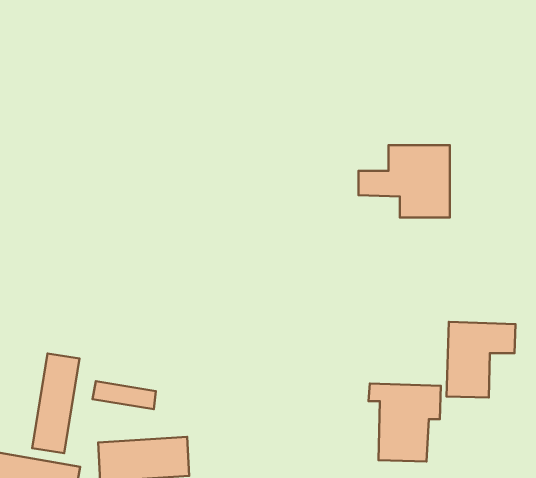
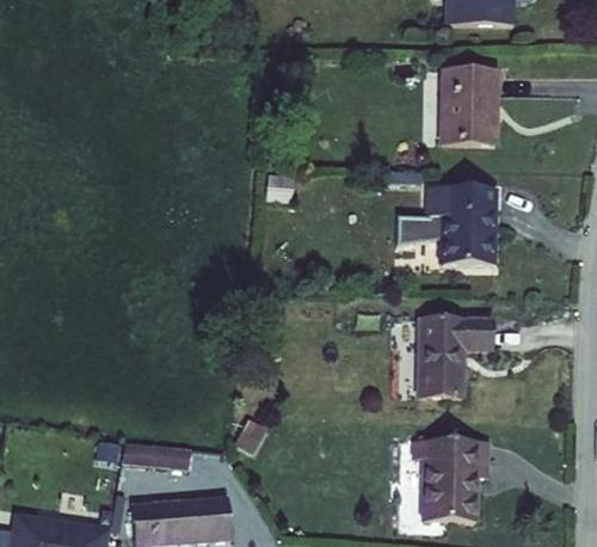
building: none -> [448,68,503,142]
building: [447,322,516,398] -> [417,315,491,397]
building: [32,354,80,453] -> none

